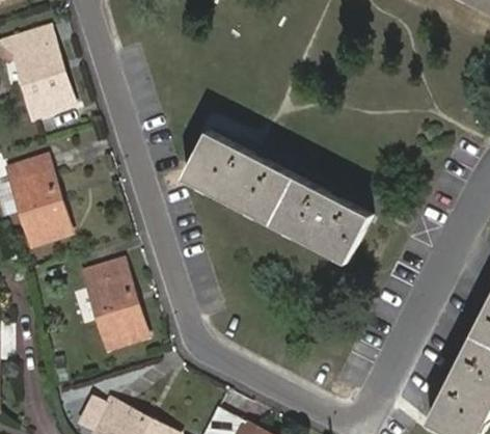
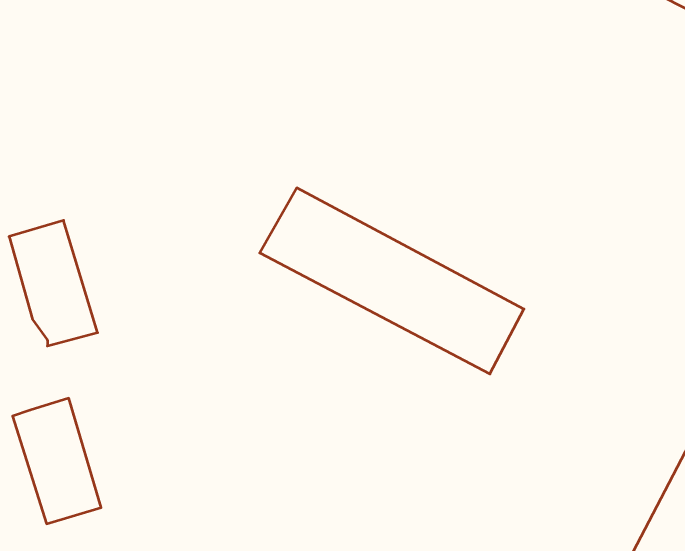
building: [11,29,70,118] -> none
building: [79,261,141,349] -> [13,398,101,524]

